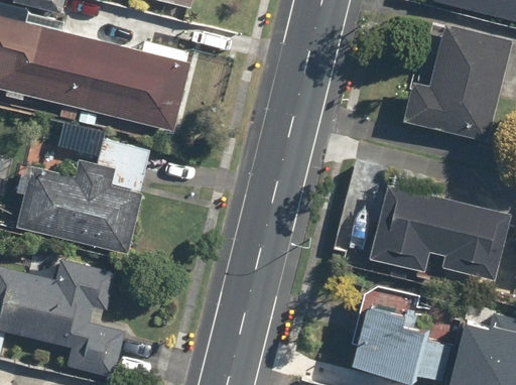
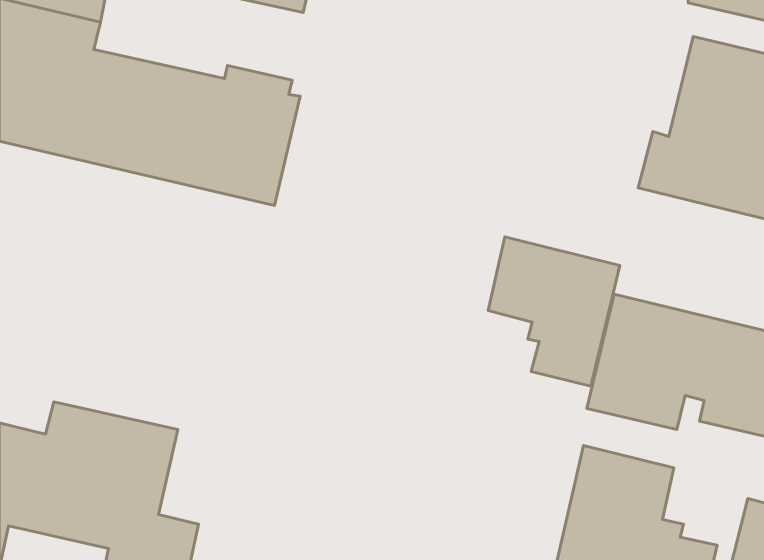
building: [18,139,148,254] -> none
building: none -> [488,237,620,386]

